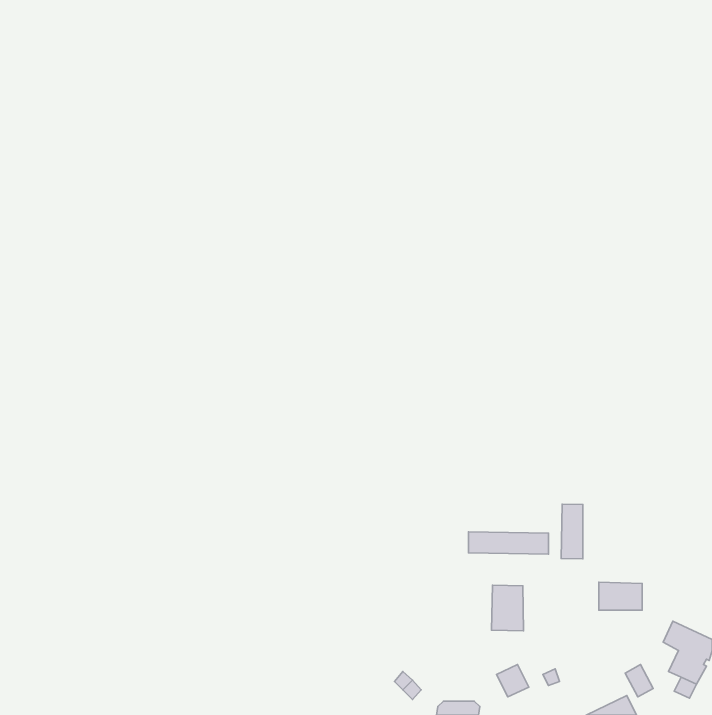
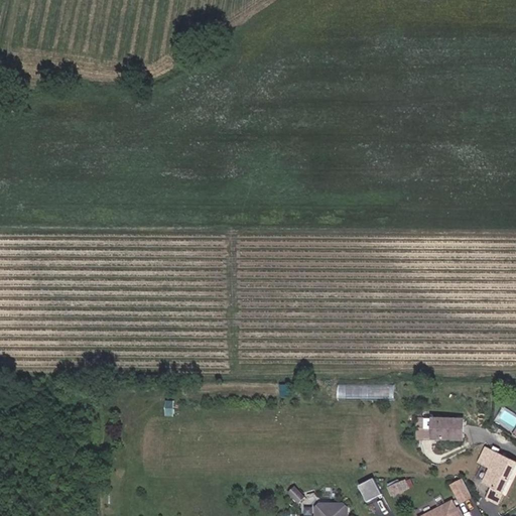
building: [561,504,583,559] -> none
building: [492,585,524,631] -> none

